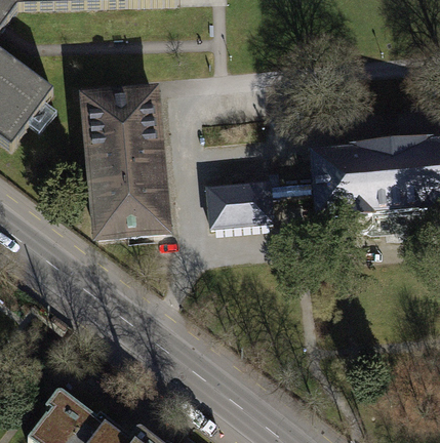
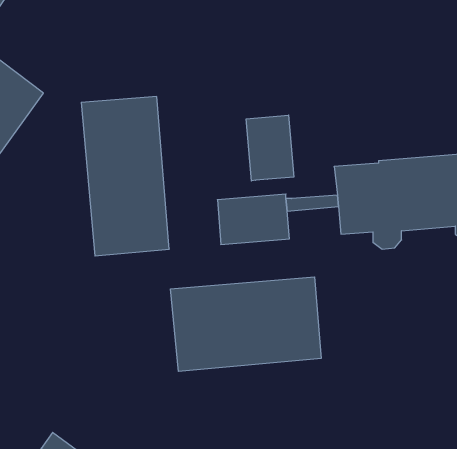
building: none -> [246,115,294,181]
building: none -> [171,277,321,371]

